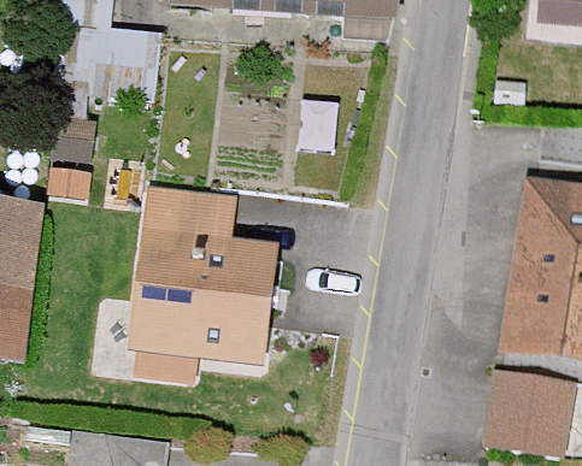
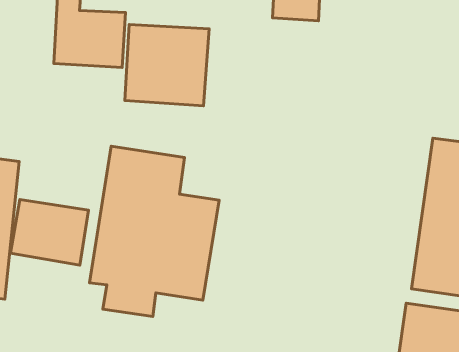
building: none -> [125,24,209,106]
building: none -> [10,200,88,265]

